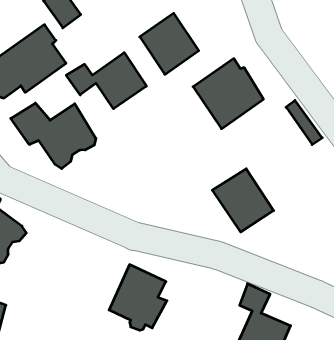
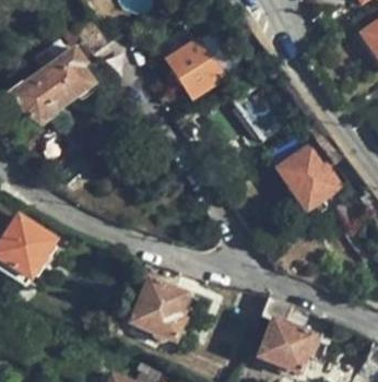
building: [66,53,146,109] -> none
building: [11,103,96,169] -> none
building: [212,169,274,232] -> [279,143,338,204]

